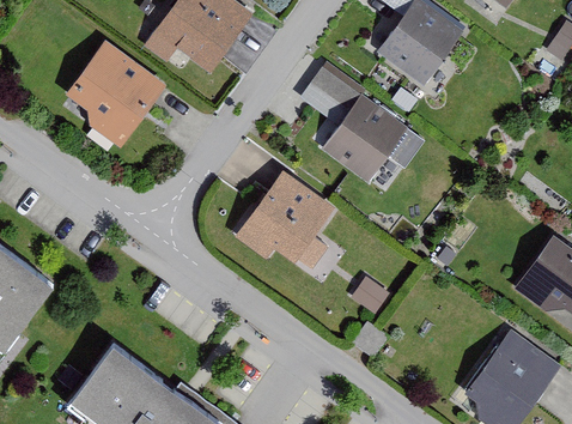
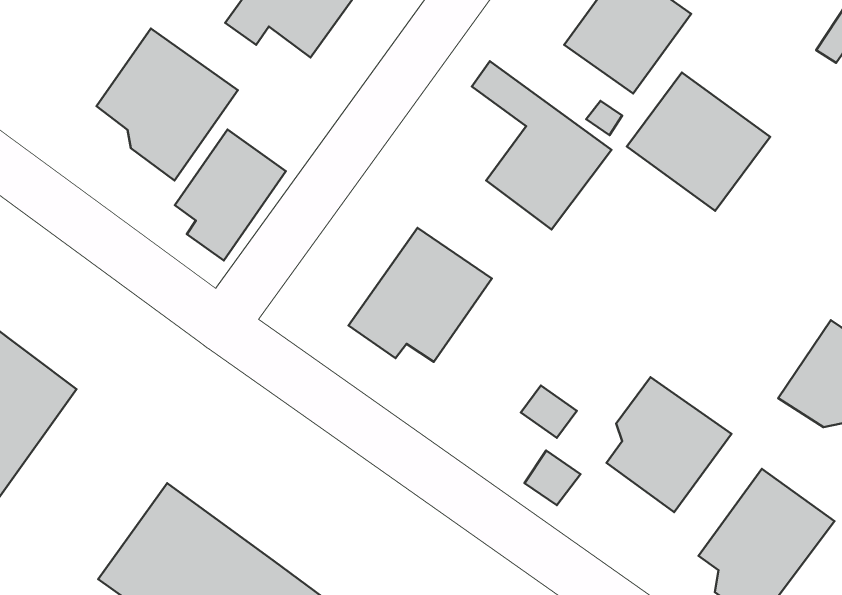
building: none -> [627,73,770,211]
building: none -> [175,130,286,260]
building: none -> [606,377,732,512]

